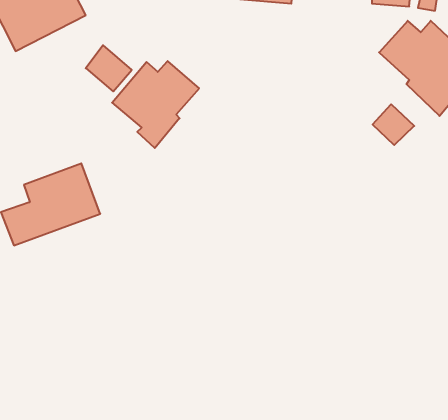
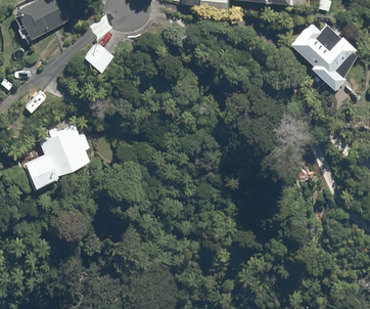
building: [112,61,199,148] -> none
building: [373,104,414,145] -> none

